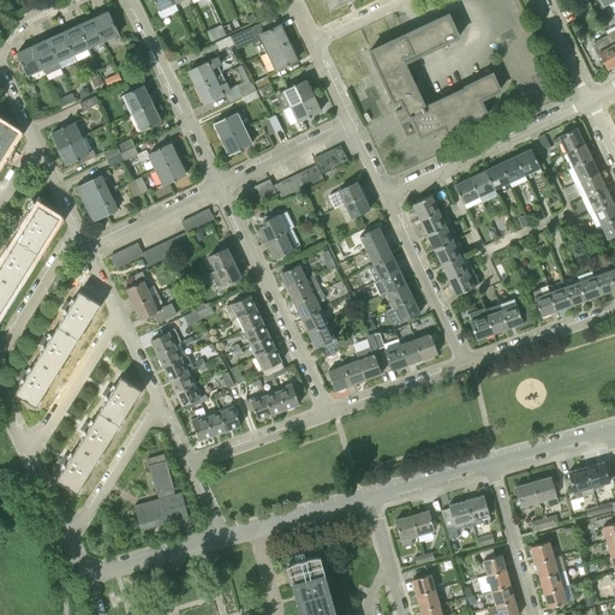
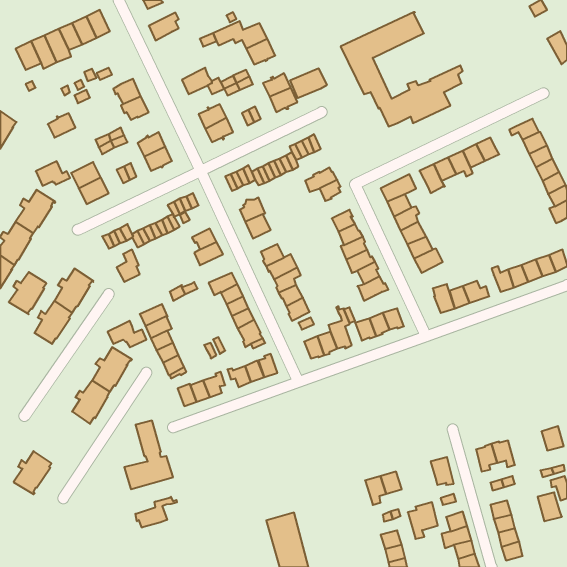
building: [190,56,222,86] -> [149,13,179,40]
building: none -> [290,68,327,98]
building: [59,138,96,165] -> [36,161,70,186]
building: [135,293,177,322] -> [108,321,146,347]
building: [16,360,56,406] -> [9,272,46,314]
building: [56,446,97,492] -> [14,451,51,494]
building: [568,467,595,498] -> [538,492,562,521]
building: [440,500,472,539] -> [408,502,438,539]
building: none -> [135,497,177,528]

